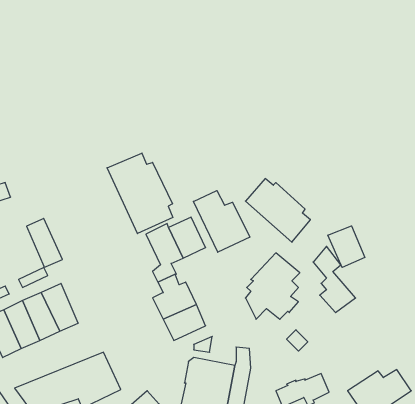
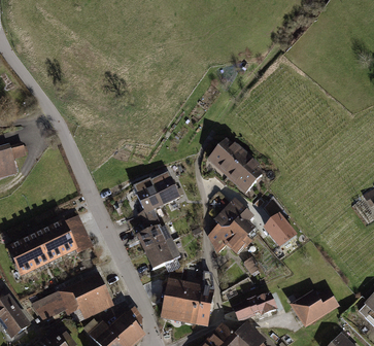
building: [107,153,173,234] -> none
building: [193,191,250,252] -> none
building: [27,218,62,267] -> [67,215,95,253]
building: [328,226,365,267] -> none

